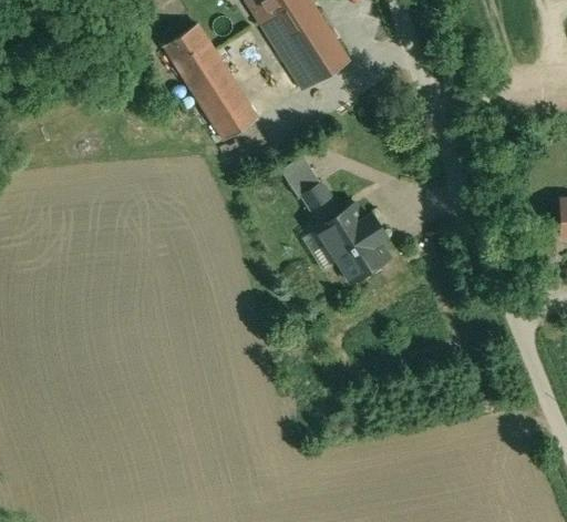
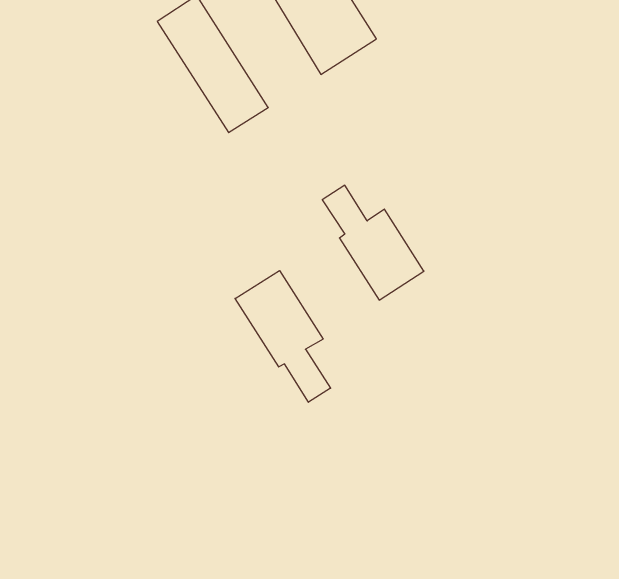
building: [280,155,321,198] -> none
building: none -> [235,271,331,402]

